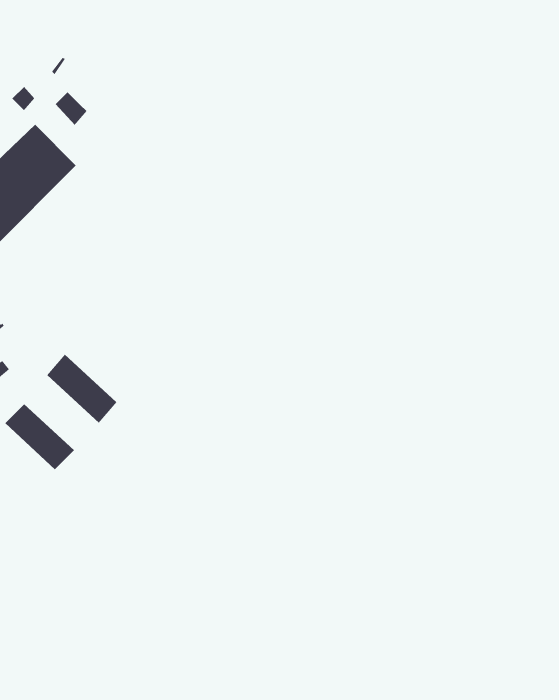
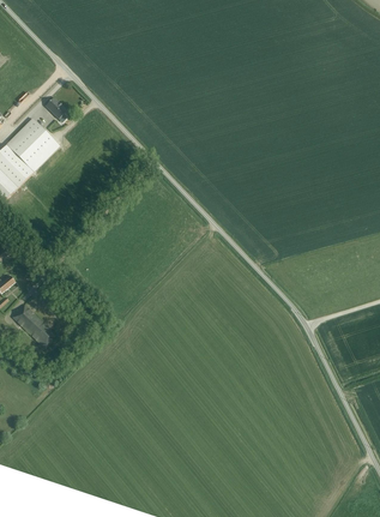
building: [47,354,117,424] -> none

